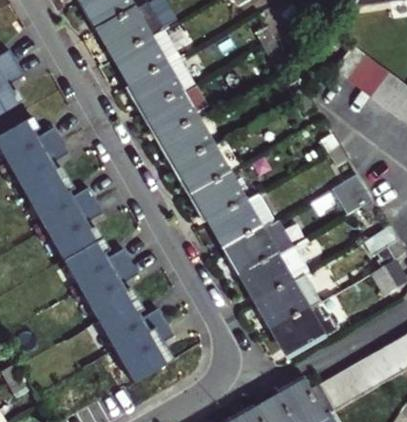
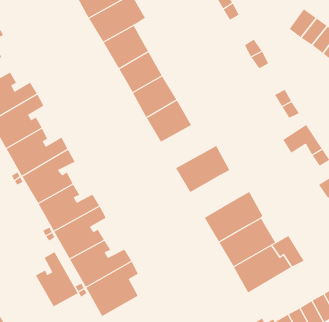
building: [193,165,255,219] -> none
building: [225,220,287,273] -> none
building: none -> [35,251,78,307]

